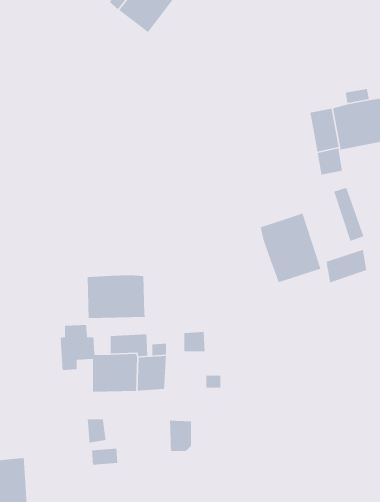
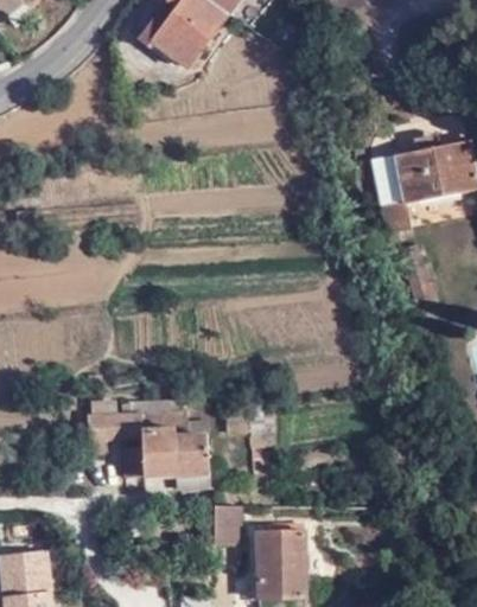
building: [260,212,322,283] -> none
building: [326,249,367,284] -> none
building: [87,275,146,319] -> none
building: none -> [256,530,304,598]

